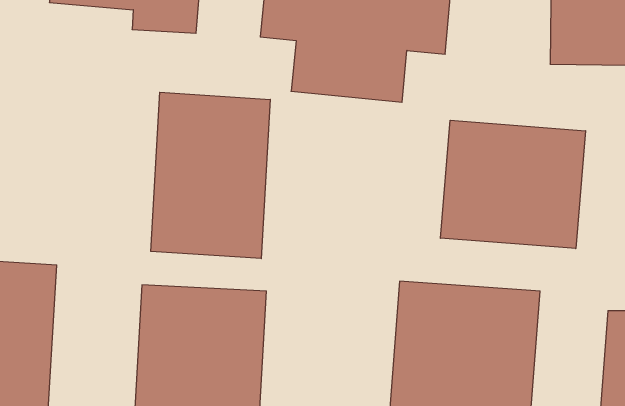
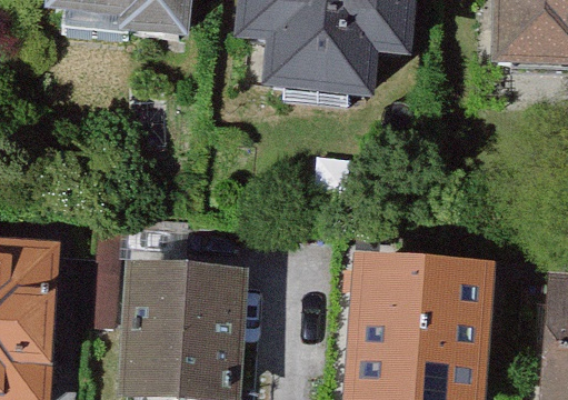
building: [151,92,270,259] -> none
building: [440,120,586,249] -> none

